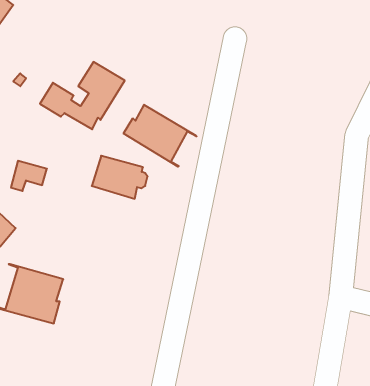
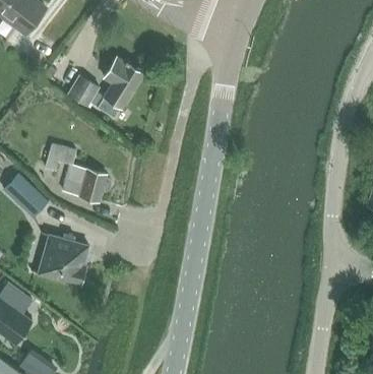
building: [124,105,197,167] -> none
building: [92,156,148,199] -> [63,164,112,201]

